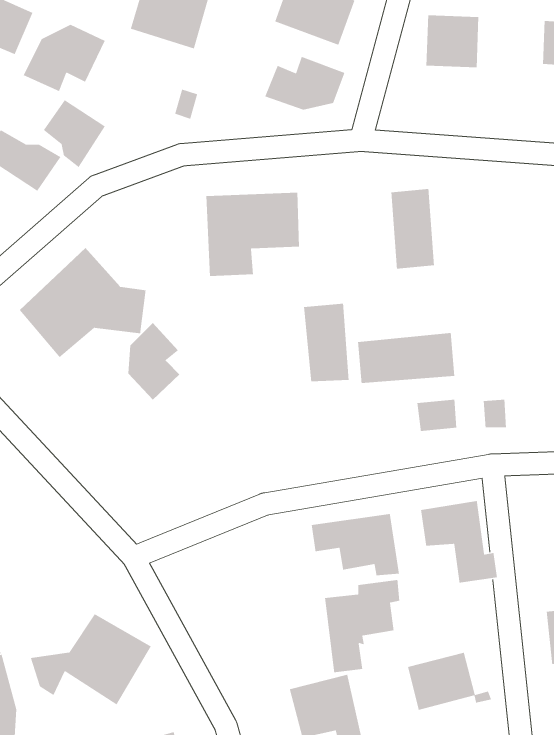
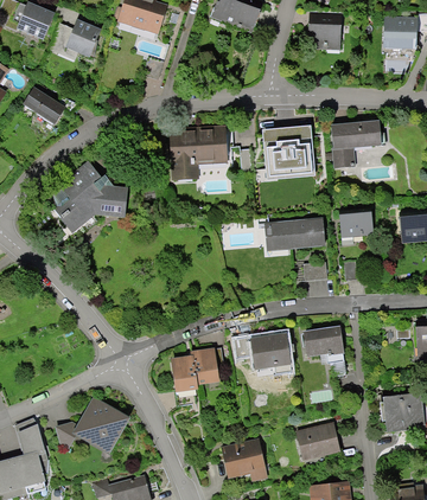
building: [264,56,346,111] -> none
building: [43,99,106,168] -> none
building: none -> [331,121,384,168]
building: [303,303,349,382] -> [259,127,288,178]
building: none -> [340,207,374,244]
building: [127,322,180,400] -> none
building: [324,579,400,673] -> [172,347,221,408]

